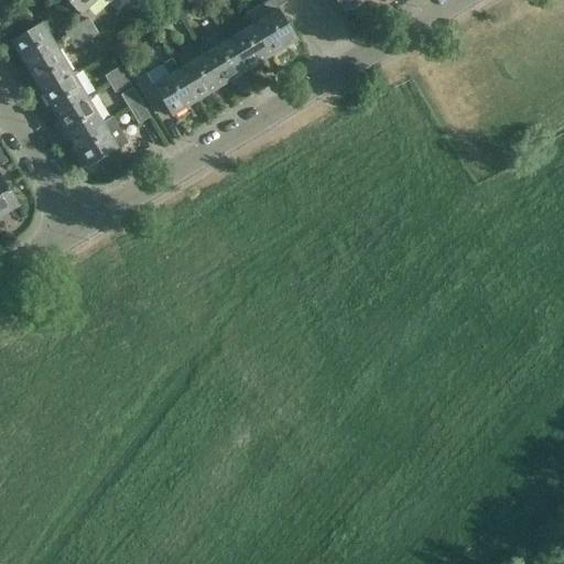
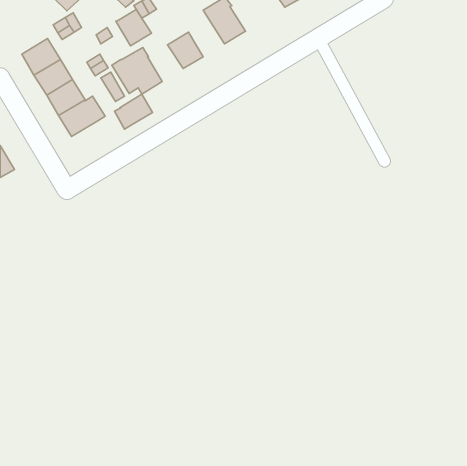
building: [12,21,58,65] -> none
building: [228,23,271,68] -> none
building: [178,54,221,98] -> [116,9,152,46]
building: none -> [115,94,152,129]

